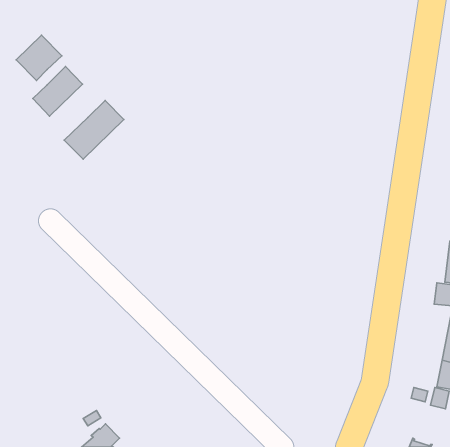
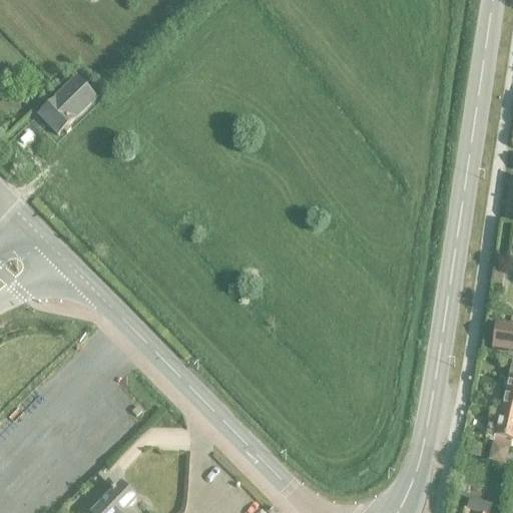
building: [16,35,62,80] -> none
building: [64,100,124,159] -> none

